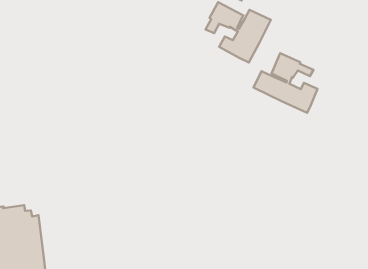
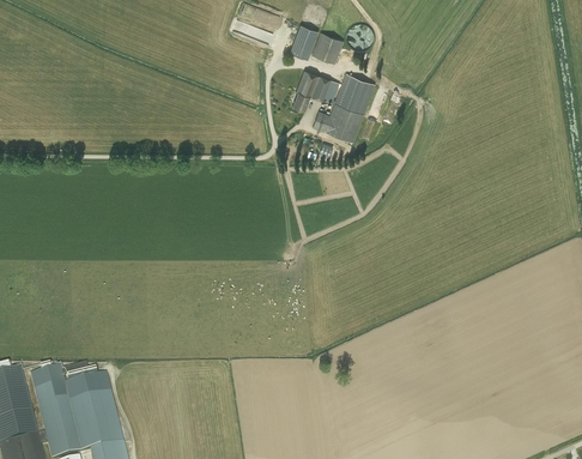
building: [253,53,317,113] -> none

